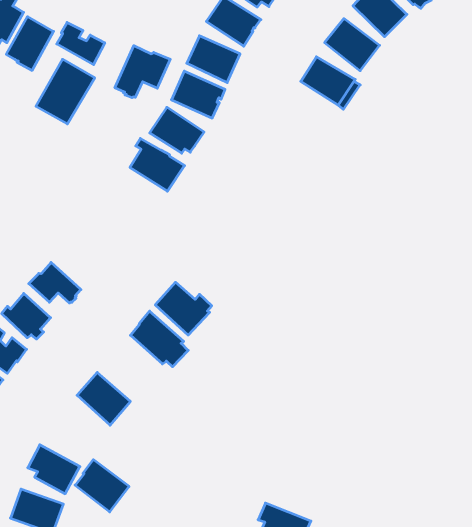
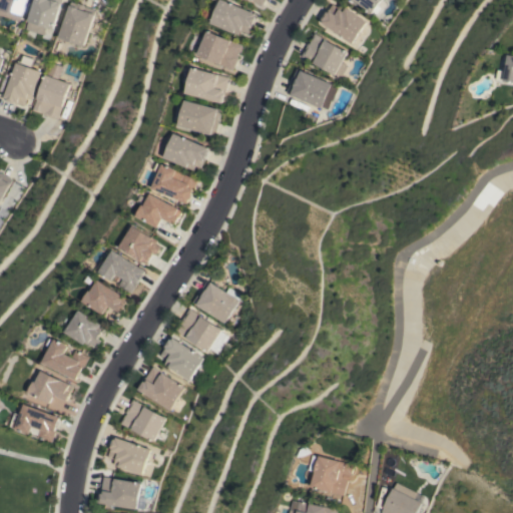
building: [57,22,105,65] -> none
building: [115,46,170,98] -> none
building: [36,59,95,124] -> none
building: none -> [136,194,181,228]
building: none -> [119,224,160,265]
building: none -> [98,250,144,293]
building: none -> [158,338,202,381]
building: [75,460,129,512] -> [119,400,165,442]

